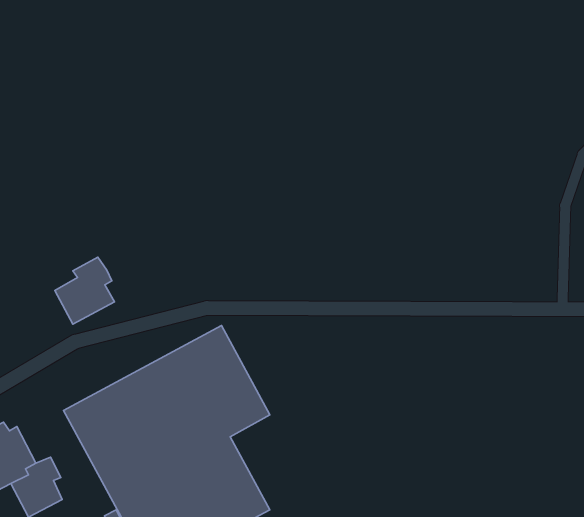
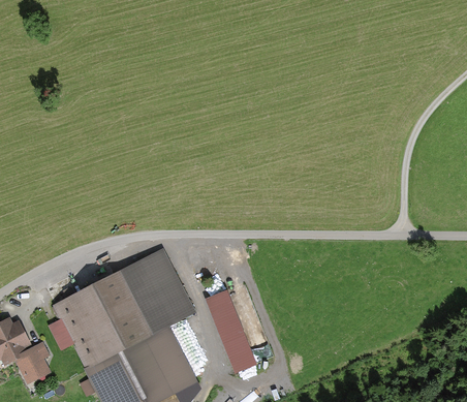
building: [55,257,115,324] -> none
building: none -> [207,291,257,374]

